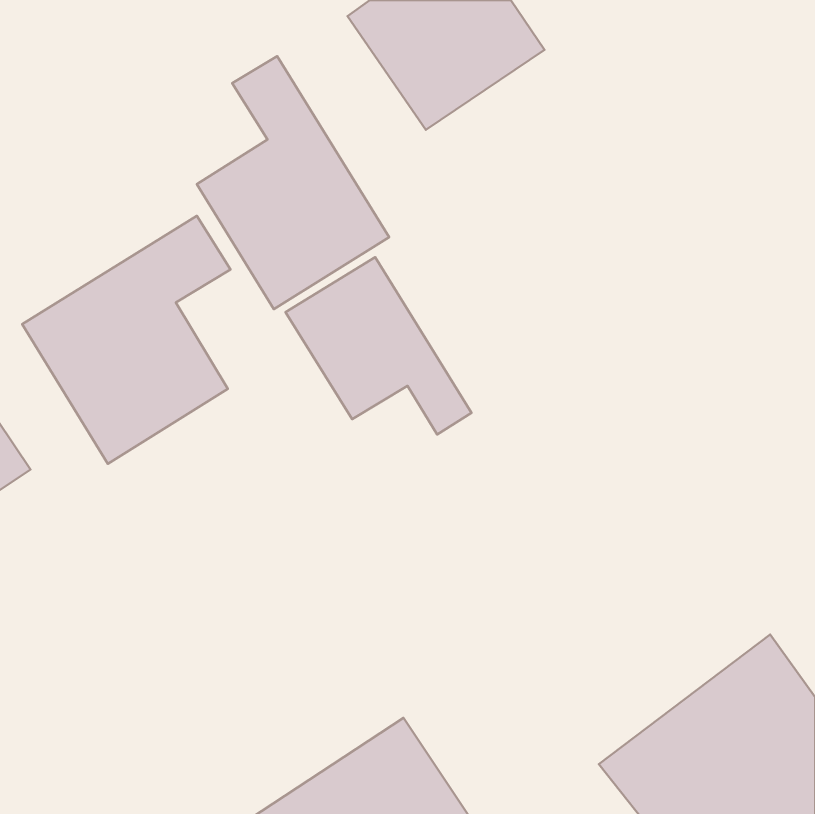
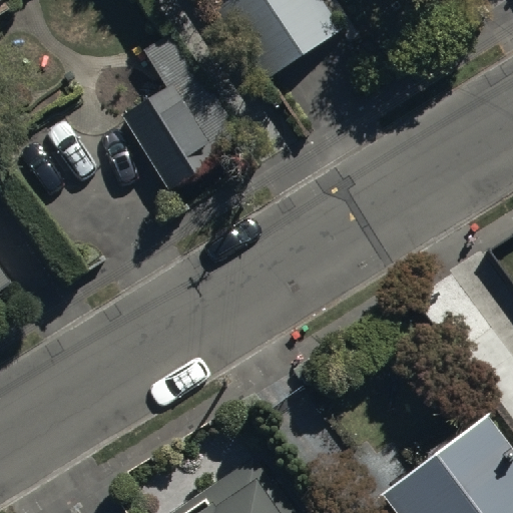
building: [22,216,230,464] -> none
building: [285,257,472,434] -> none

